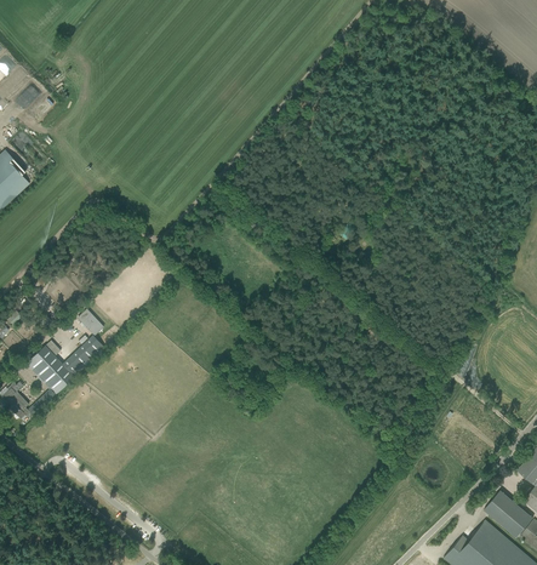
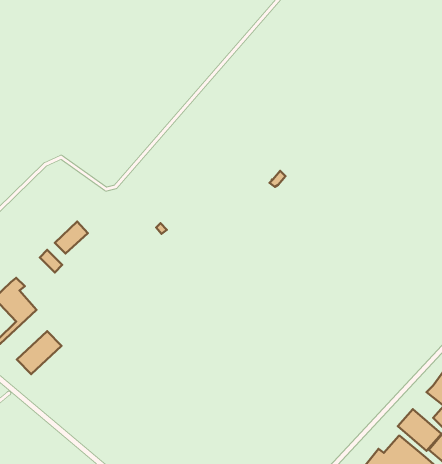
building: [65,335,103,371] -> [55,222,88,254]
building: none -> [17,331,61,374]

